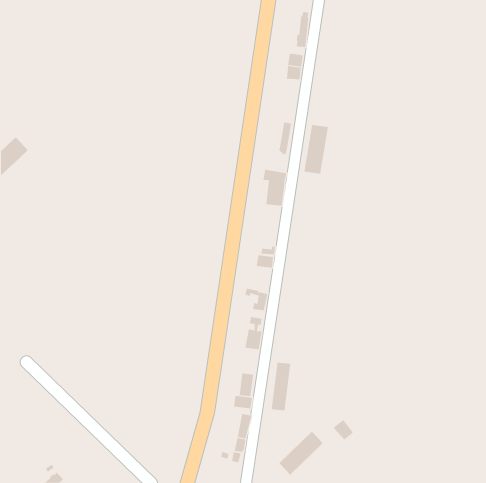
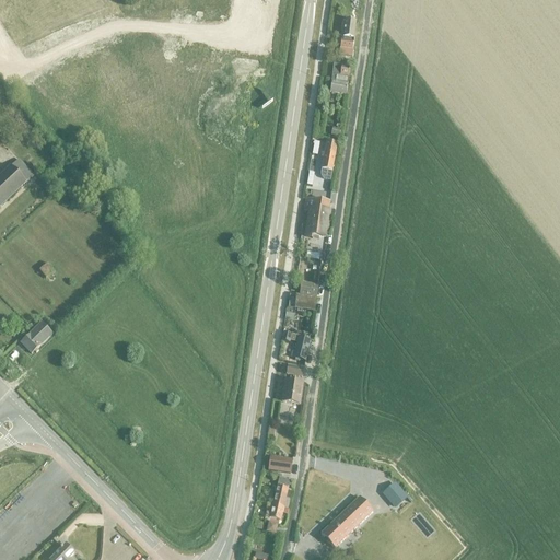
building: [304,124,328,175] -> none
building: none -> [20,322,50,352]
building: [271,362,291,411] -> none

